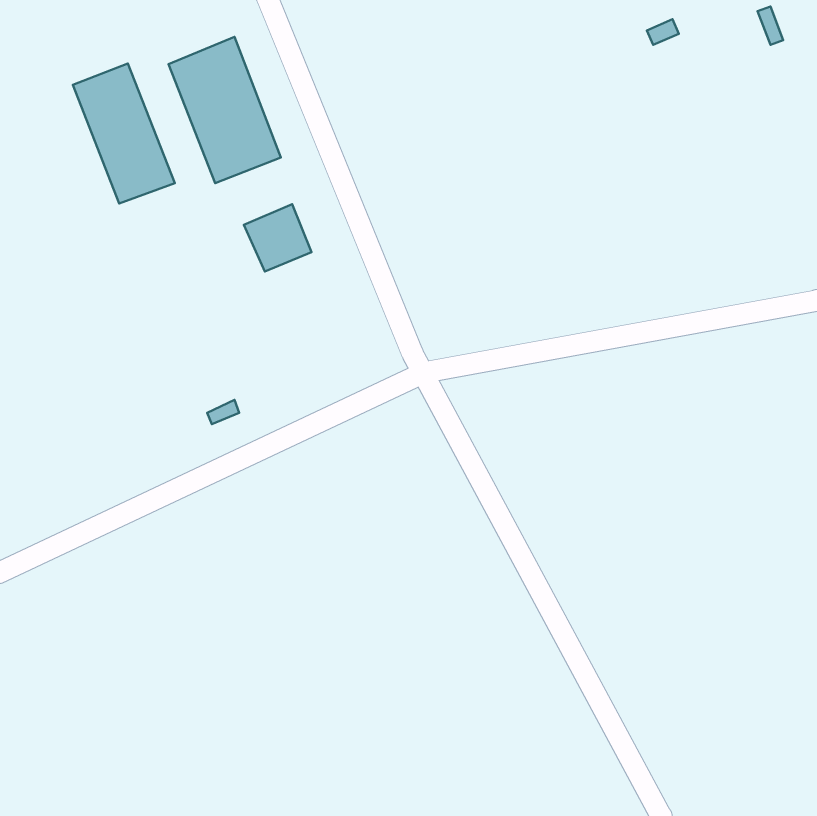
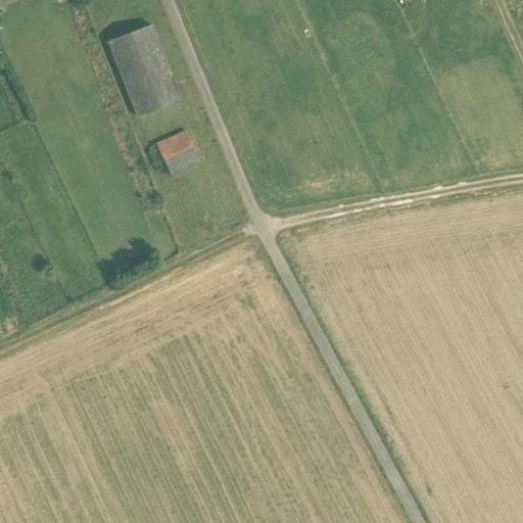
building: [73,64,175,203] -> none

